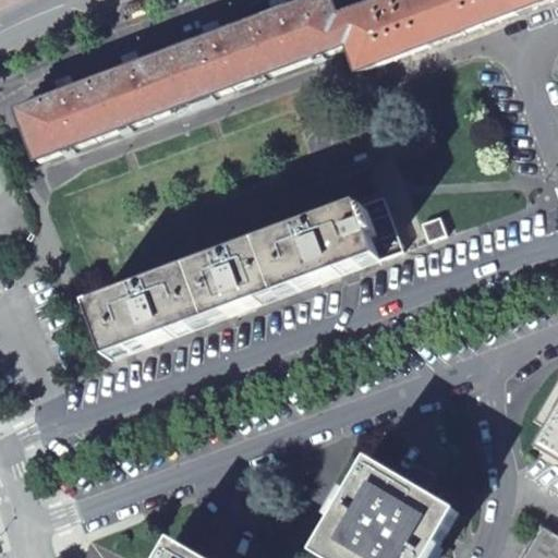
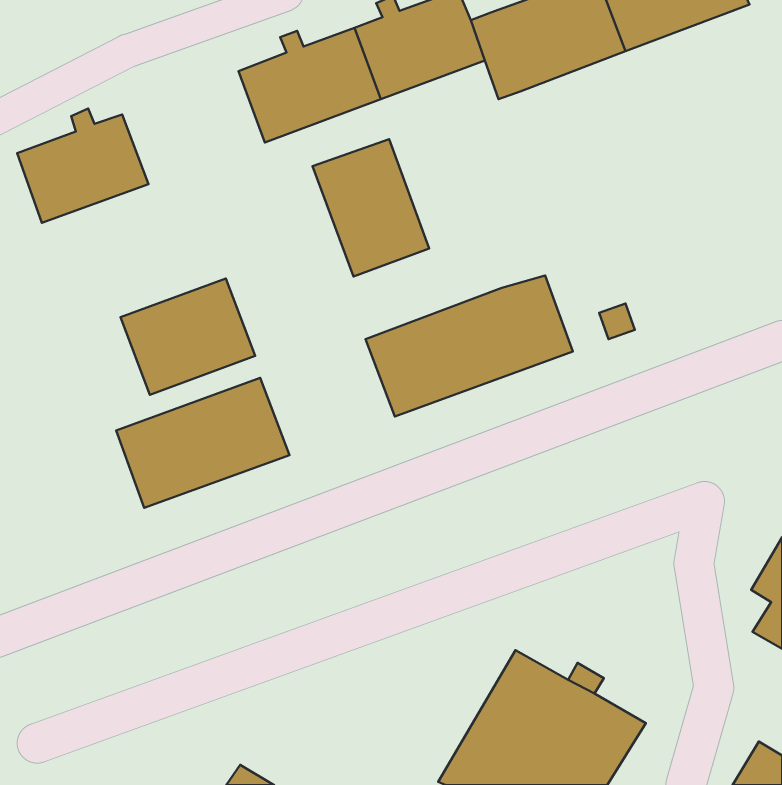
building: [86,50,186,130] -> none
building: none -> [313,139,429,276]
building: [183,239,278,320] -> [121,279,255,395]

